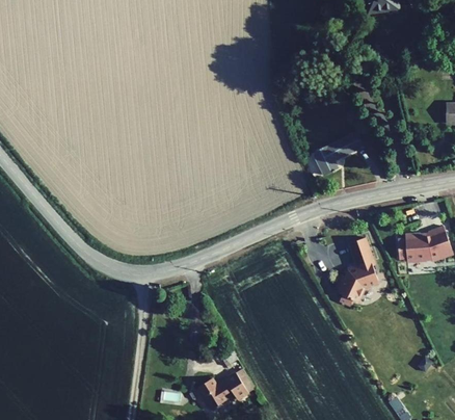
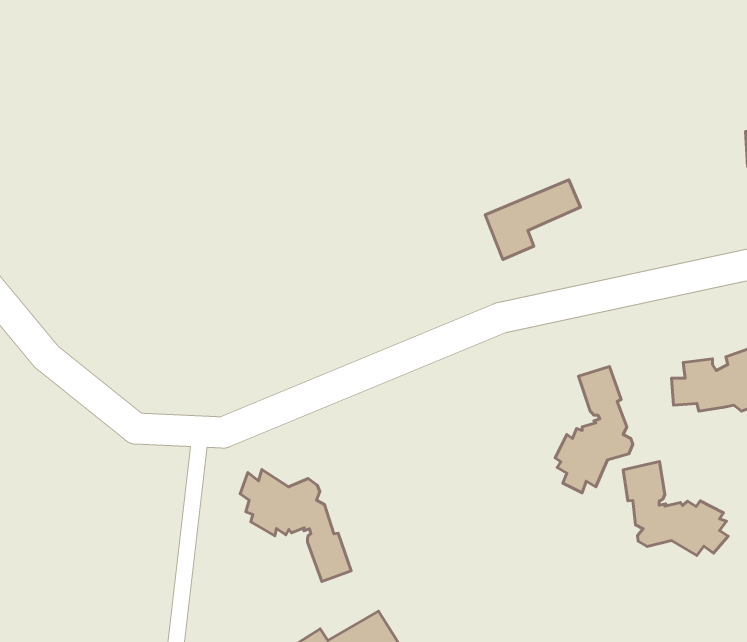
building: none -> [623,462,728,556]
building: none -> [240,469,351,582]

